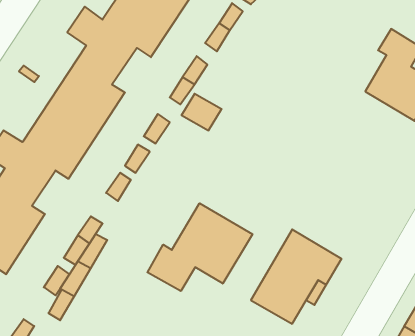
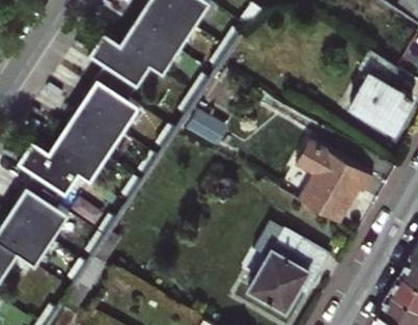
building: none -> [297,142,373,225]
building: [147,203,252,291] -> none

